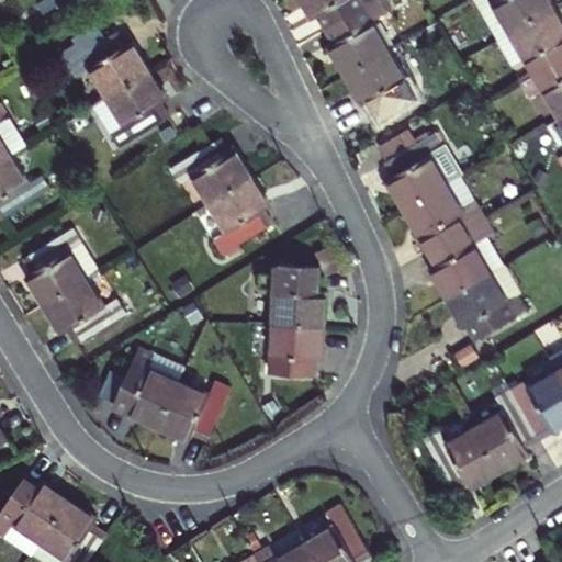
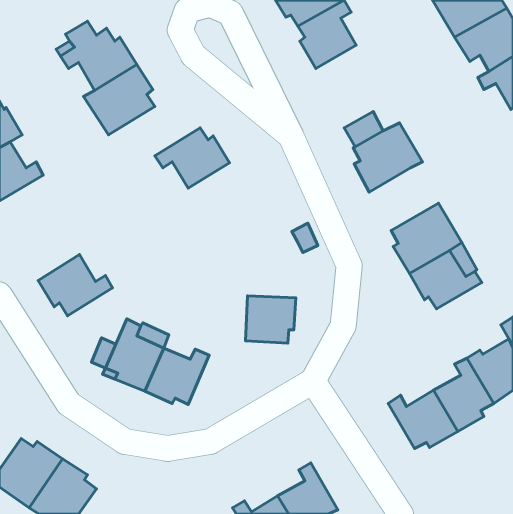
building: [345,49,414,115] -> none
building: [403,177,485,251] -> none
building: [205,178,270,255] -> none
building: [22,229,98,306] -> none
building: [260,263,324,325] -> none

